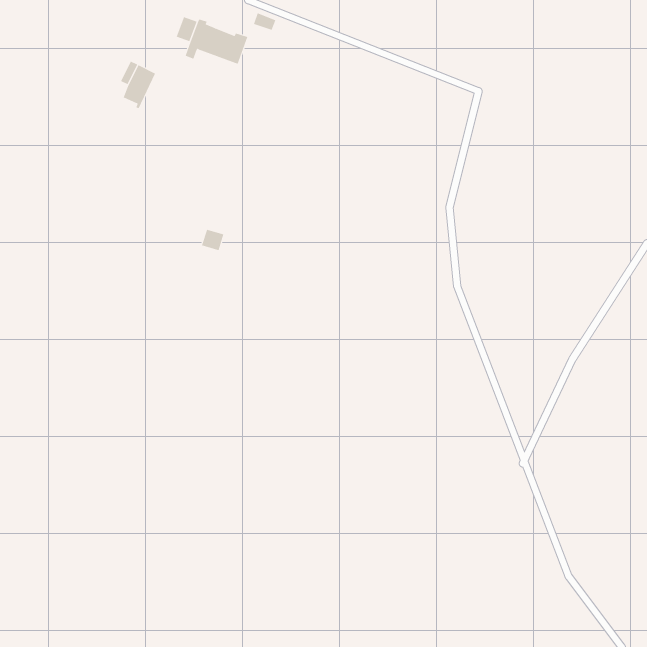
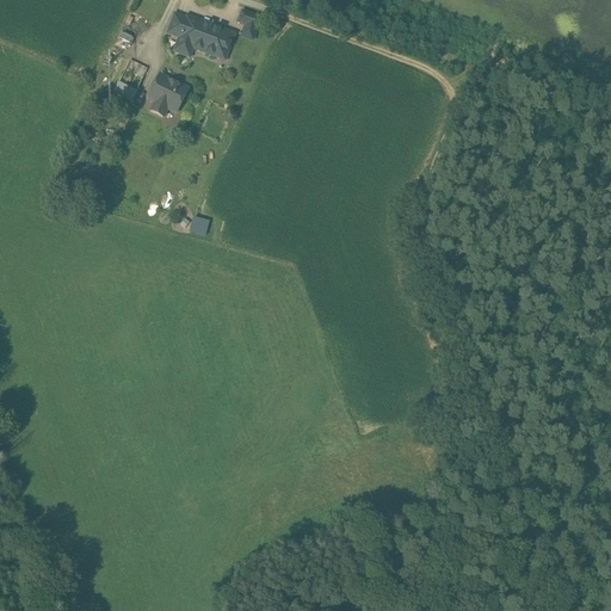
building: none -> [148,76,187,118]

